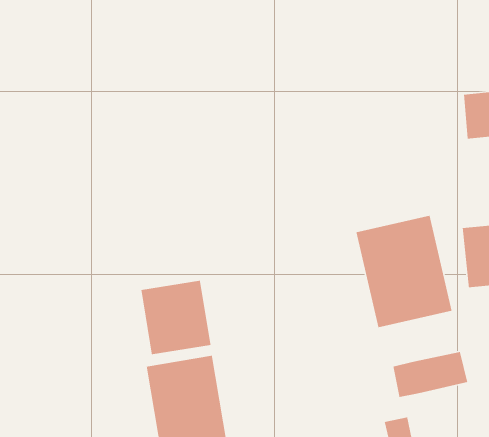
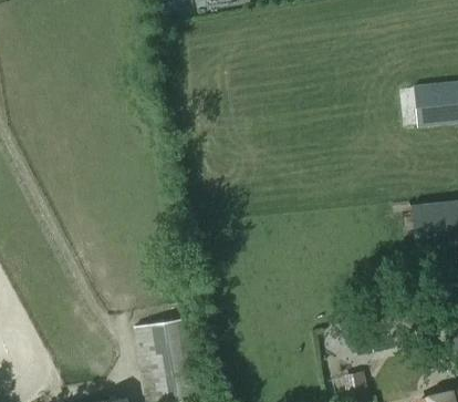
building: [356,215,453,328] -> none
building: [140,280,211,355] -> none

